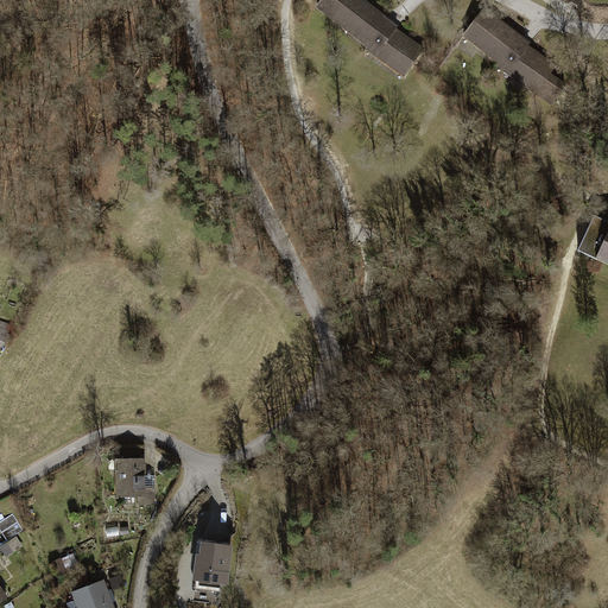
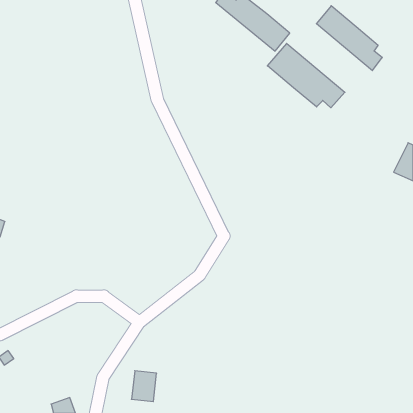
building: none -> [267,43,345,108]
building: [112,457,152,504] -> none

